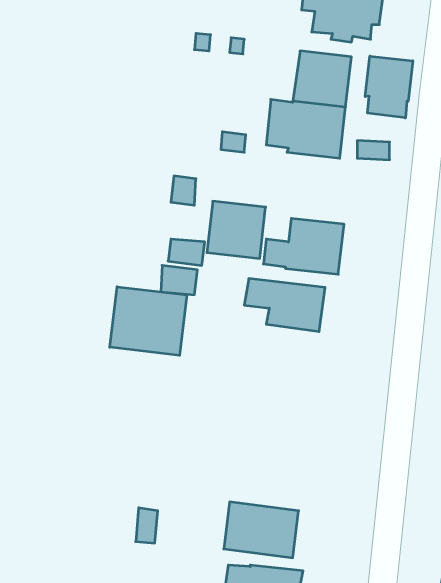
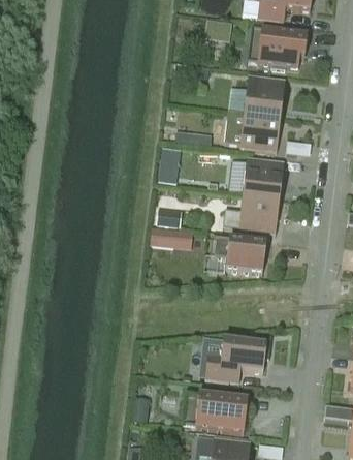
building: [365,56,413,118] -> none
building: [207,201,266,258] -> [243,157,284,197]
building: [110,287,187,355] -> none
building: none -> [205,336,271,380]

